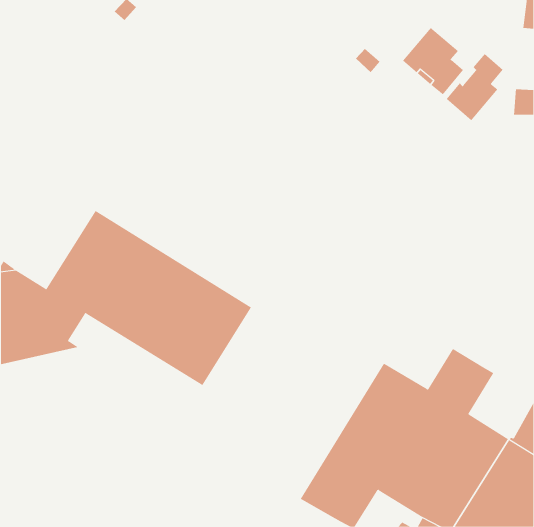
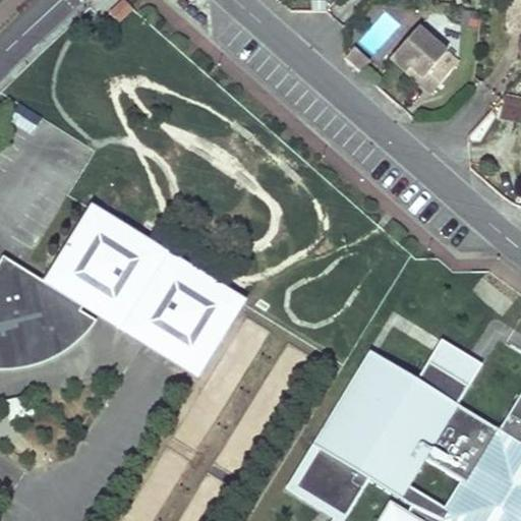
building: [446,53,504,121] -> none

